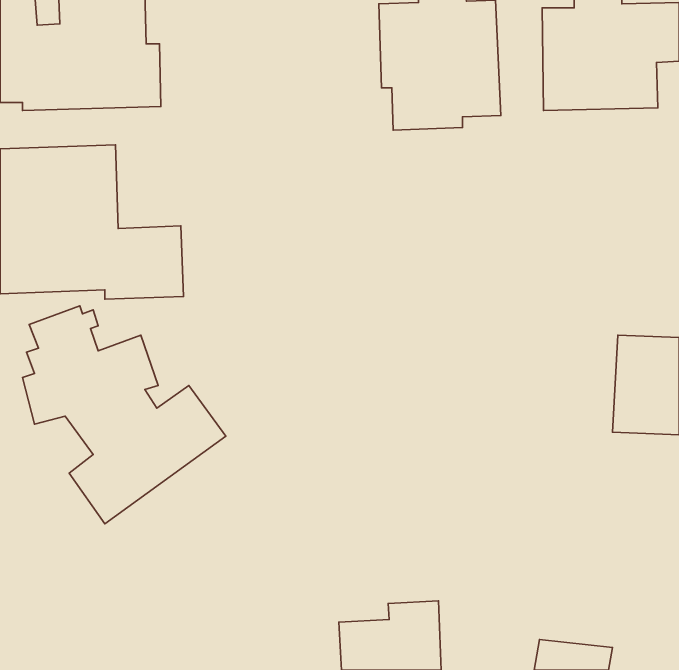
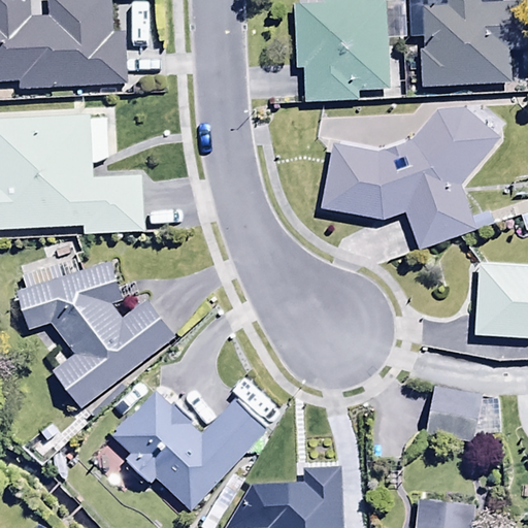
building: none -> [322,107,500,249]
building: none -> [424,383,500,442]
building: none -> [113,391,265,513]

